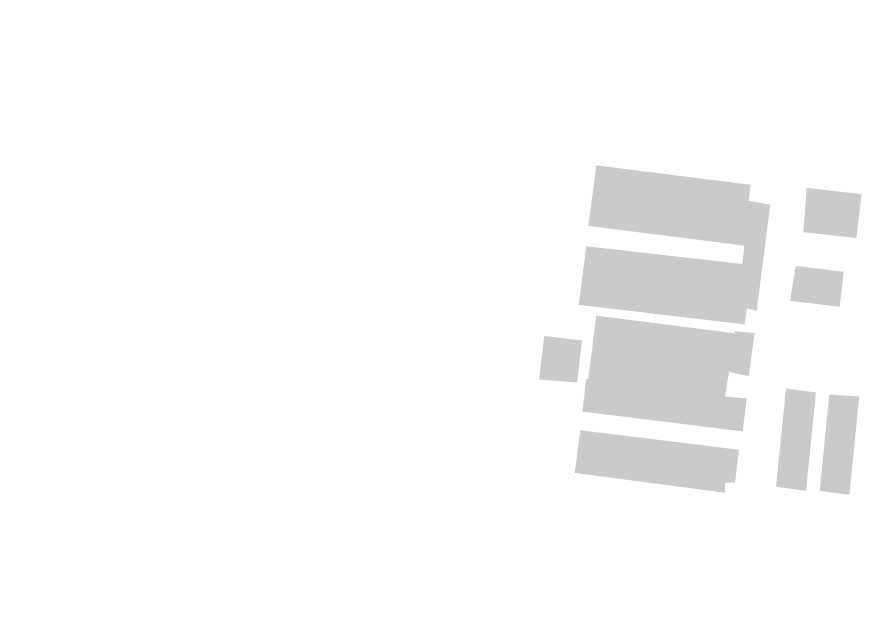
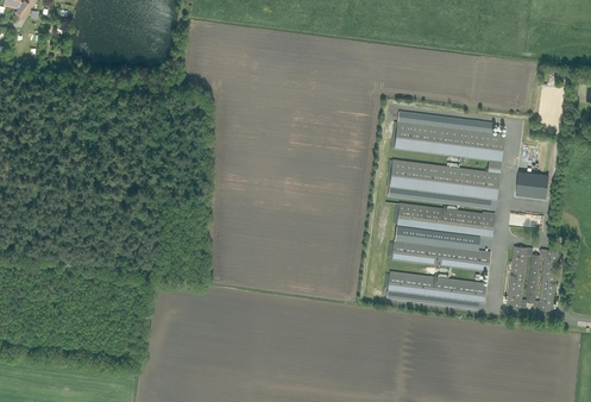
building: [803,187,862,239] -> none
building: [539,335,582,383] -> none

